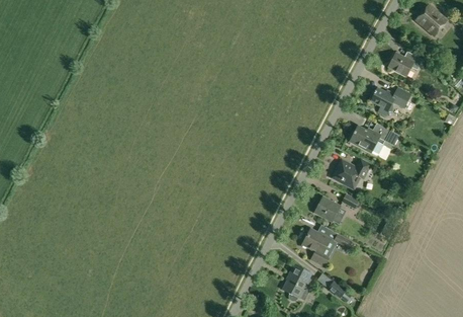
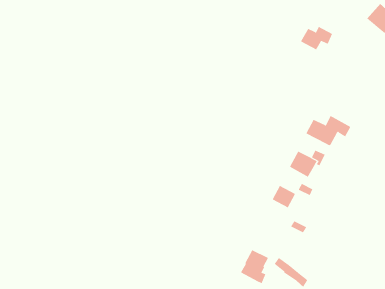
building: [387,51,422,76] -> [300,26,333,50]
building: [370,89,409,115] -> none
building: [302,228,331,265] -> none

